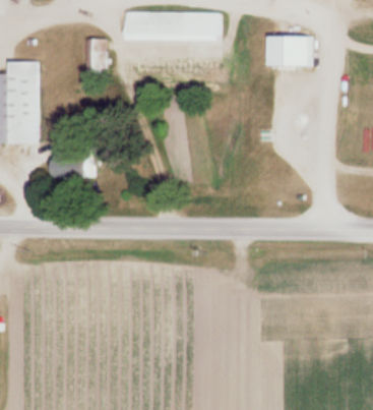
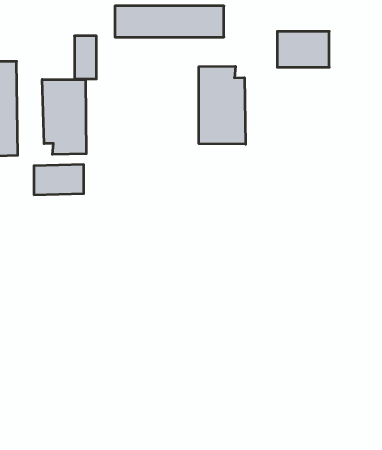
building: none -> [199,66,246,144]
building: none -> [42,79,86,154]

